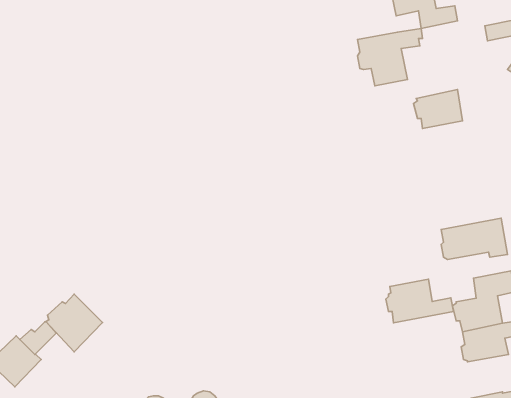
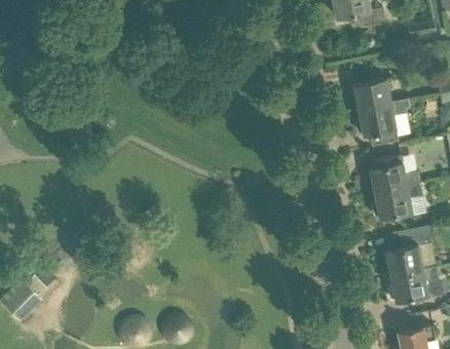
building: [357,28,422,86] -> [357,100,410,147]
building: [386,279,453,323] -> [366,156,421,192]
building: [46,294,103,352] -> none

